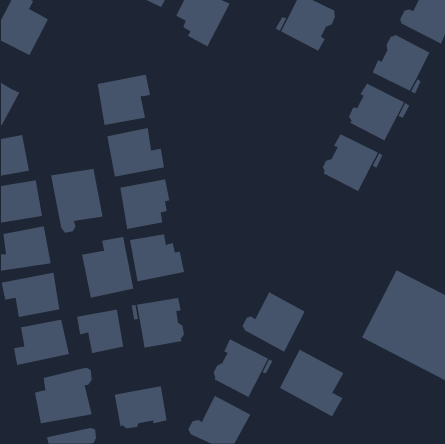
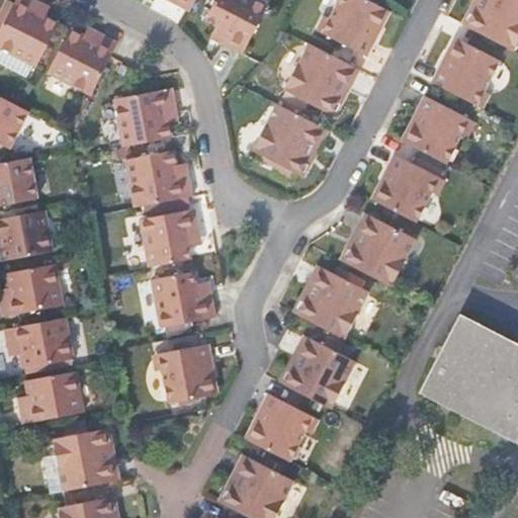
building: none -> [46,27,117,93]
building: none -> [283,44,350,115]
building: none -> [251,103,318,174]
building: [51,168,103,233] -> none
building: none -> [338,214,413,284]
building: none -> [295,269,369,339]
building: [81,236,134,299] -> none
building: [76,309,124,354] -> none
building: [279,349,344,417] -> none
building: [114,386,167,429] -> none

